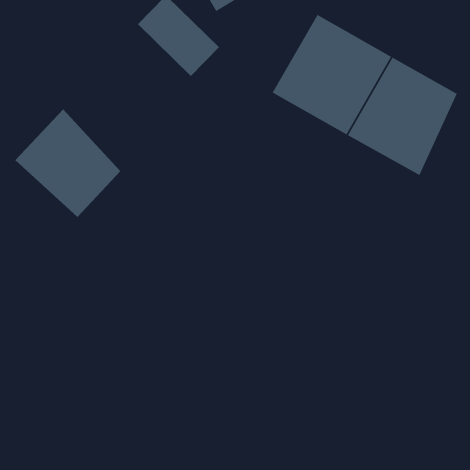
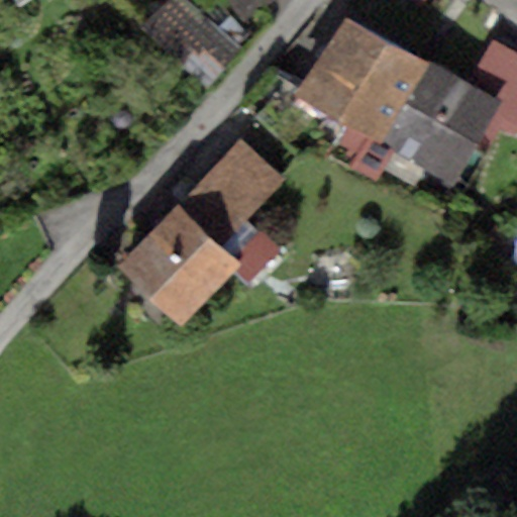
building: [15,109,121,218] -> none
building: none -> [123,143,277,316]

